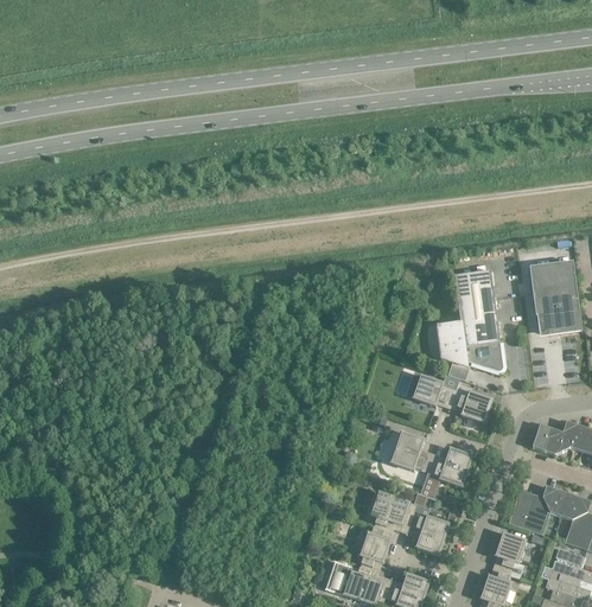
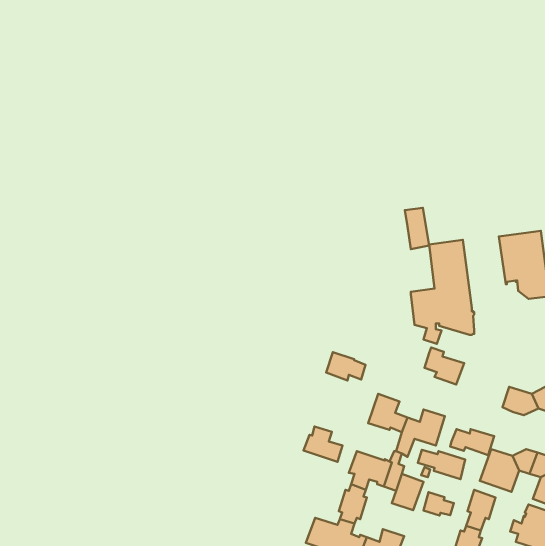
building: none -> [405,208,429,249]
building: [413,376,454,405] -> [326,352,366,381]
building: none -> [303,427,342,462]
building: none -> [450,429,494,455]
building: none -> [418,450,465,479]
building: none -> [423,492,454,516]

